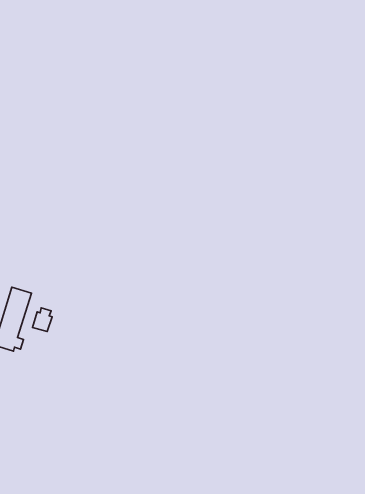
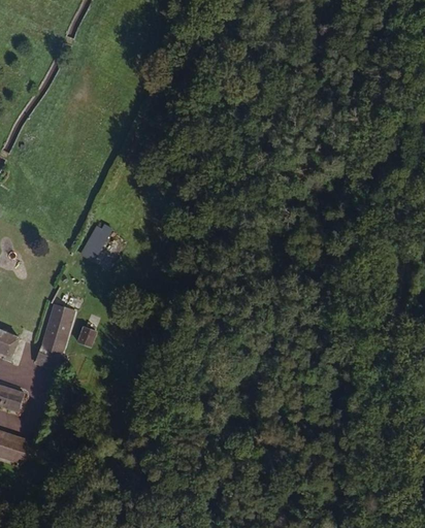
building: none -> [76,223,116,263]

